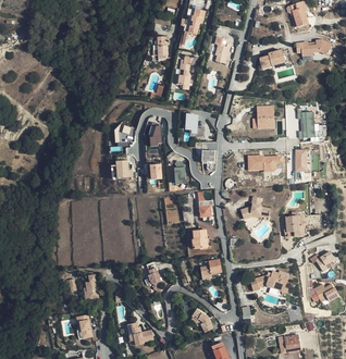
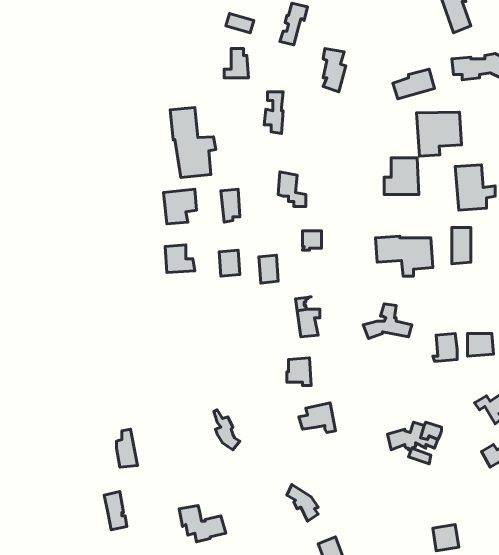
building: none -> [170,107,216,178]
building: none -> [417,112,462,156]

